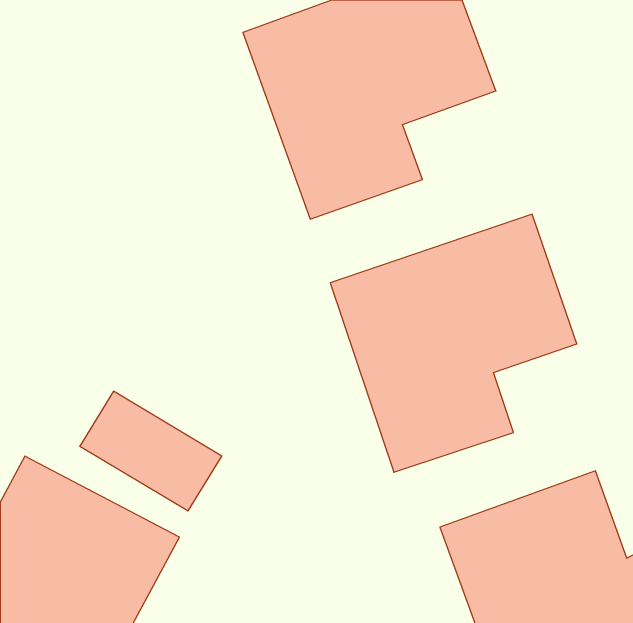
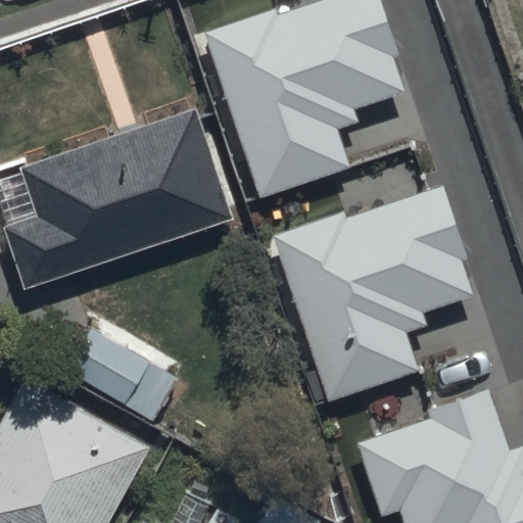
building: none -> [8,110,226,278]

